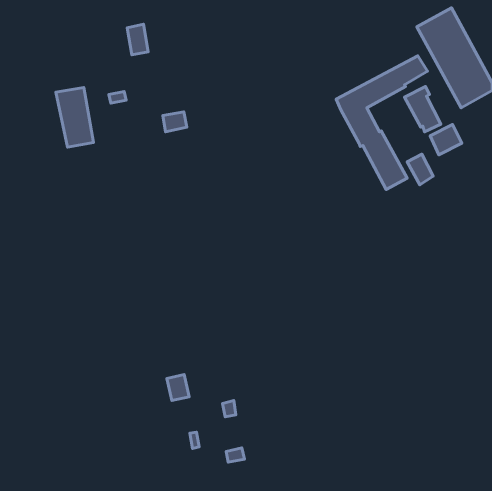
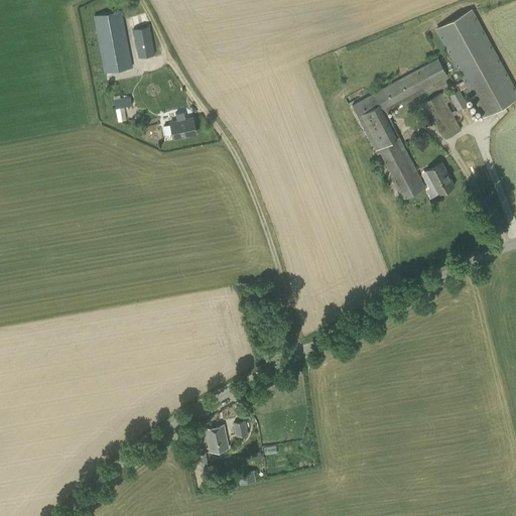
building: [56,88,94,147] -> [93,11,132,74]
building: [430,125,462,155] -> none
building: [167,375,189,401] -> [205,425,228,453]

